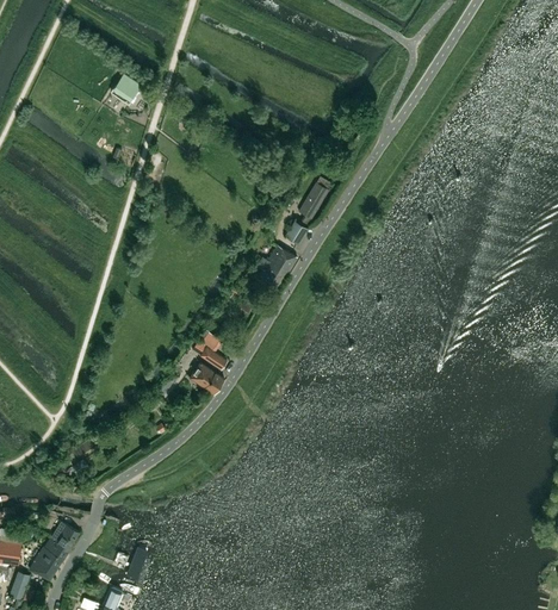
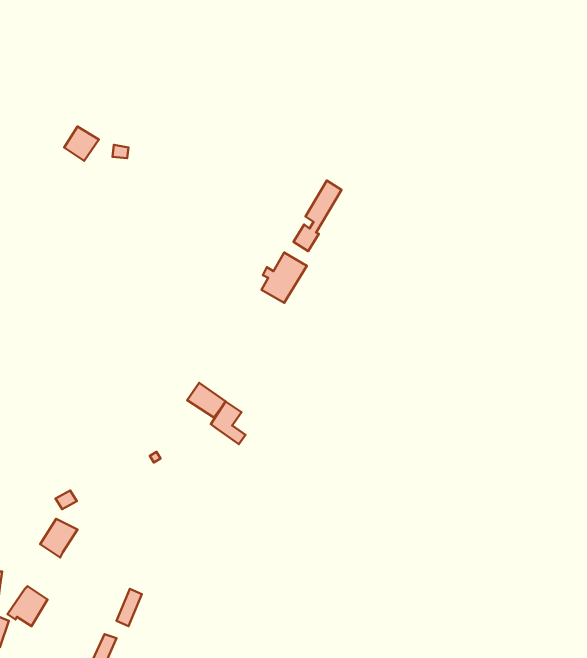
building: [111,73,142,104] -> [64,126,99,161]
building: [196,331,227,369] -> [211,401,246,444]
building: [47,522,80,556] -> [40,519,77,558]

